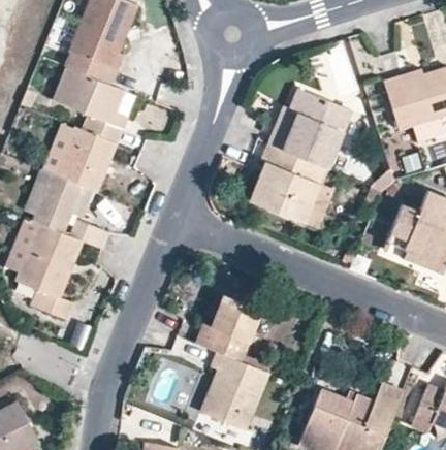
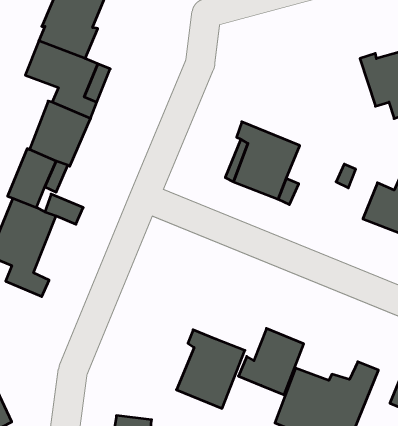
building: [266,89,350,169] -> none
building: [195,295,260,361] -> [238,328,304,395]

